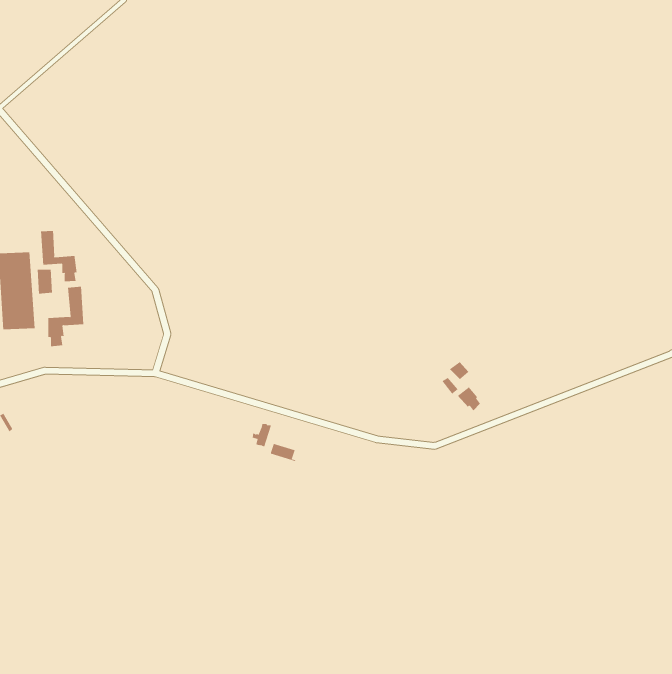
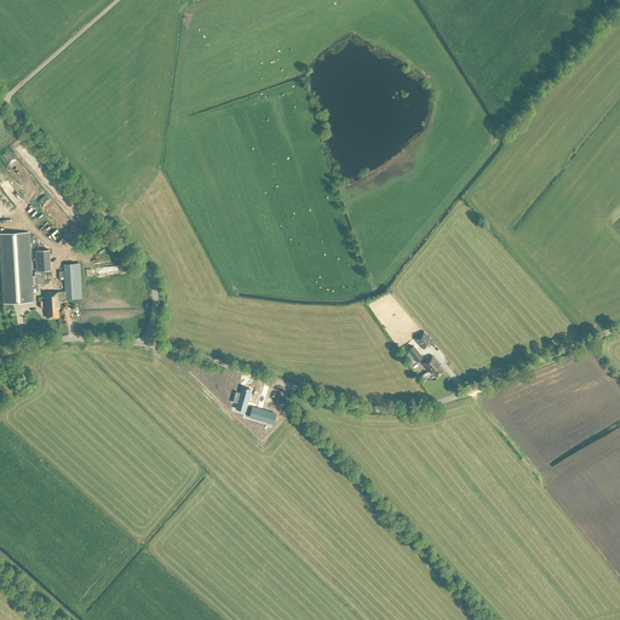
building: [41,230,77,282] -> none

